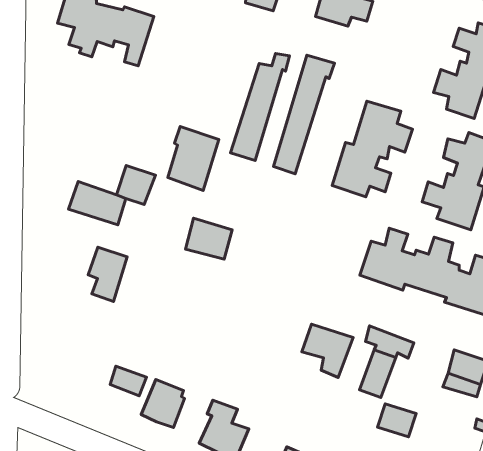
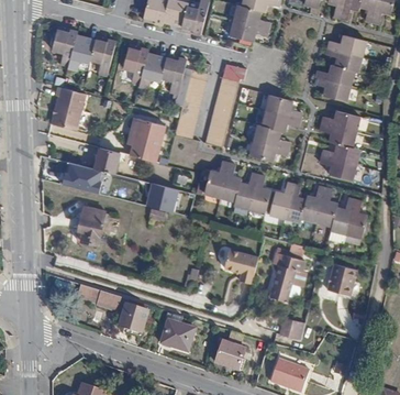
building: none -> [120,46,185,96]
building: none -> [60,90,88,131]
building: none -> [204,161,273,216]

